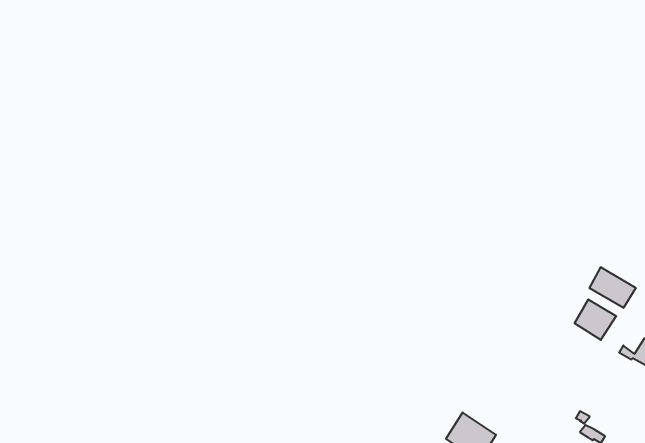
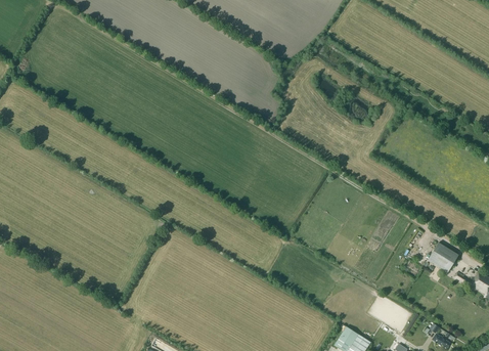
building: [590,267,636,308] -> none

